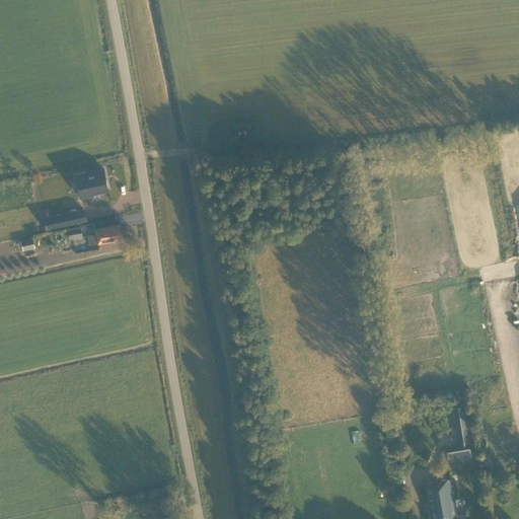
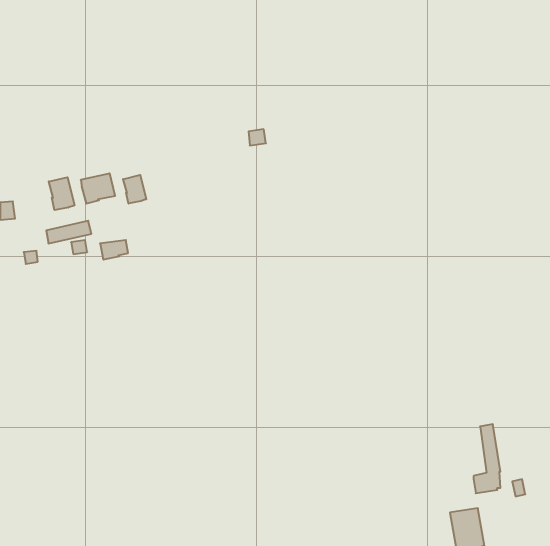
building: none -> [123,175,146,204]
building: none -> [49,177,74,210]

